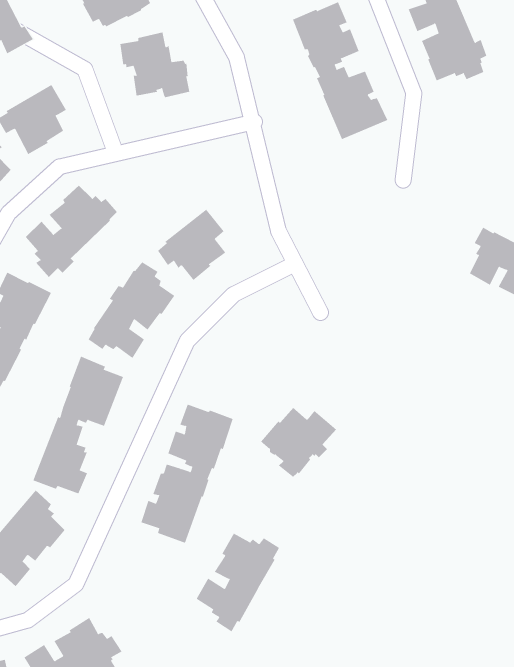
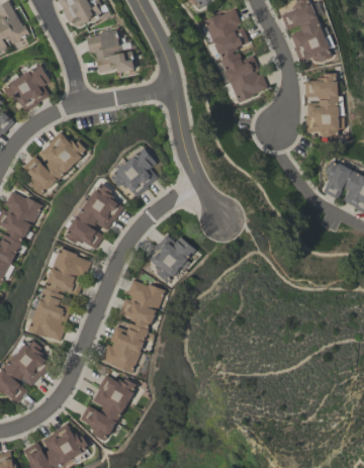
building: none -> [304,73,344,138]
building: [260,407,337,478] -> [144,235,195,282]
building: [196,533,280,632] -> [80,375,136,442]

